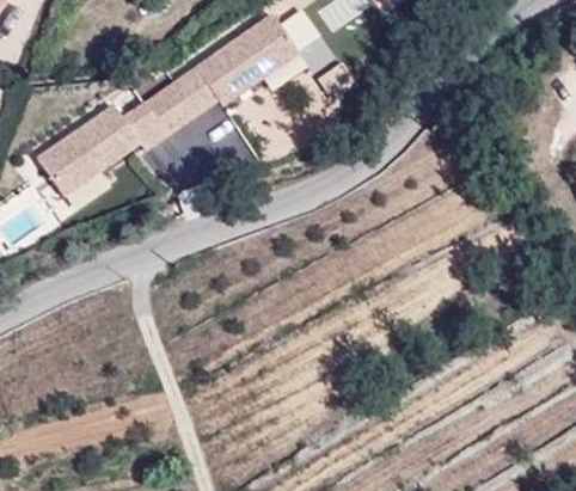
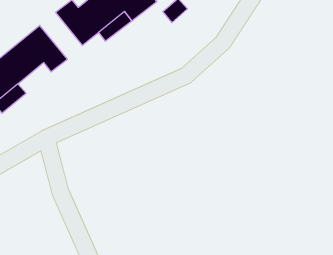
building: [139,70,197,139] -> none

